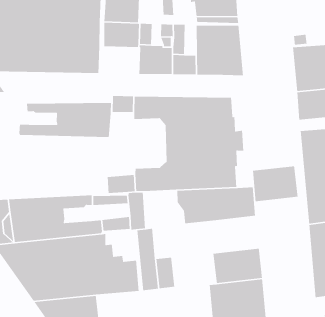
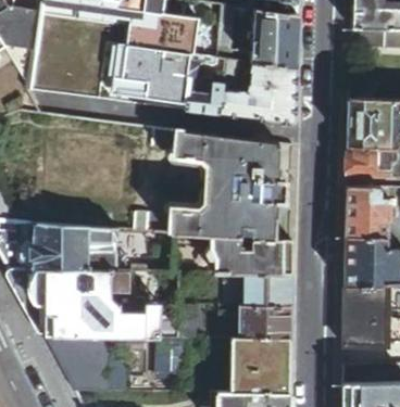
building: none -> [147,75,189,109]
building: [19,102,112,138] -> none
building: [252,165,299,202] -> [245,271,291,305]

